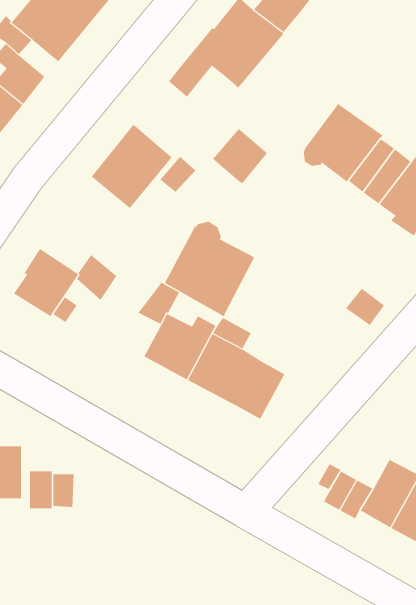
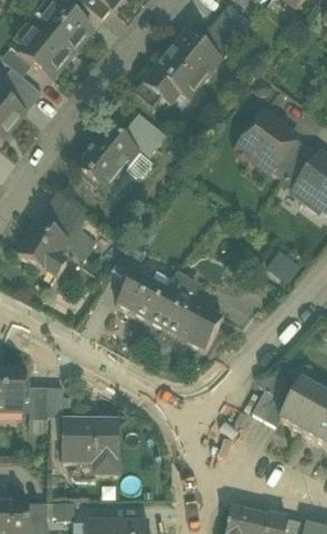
building: [212,128,268,184] -> [117,112,159,154]
building: none -> [38,191,84,240]
building: [164,221,255,317] -> none
building: none -> [62,421,118,473]

